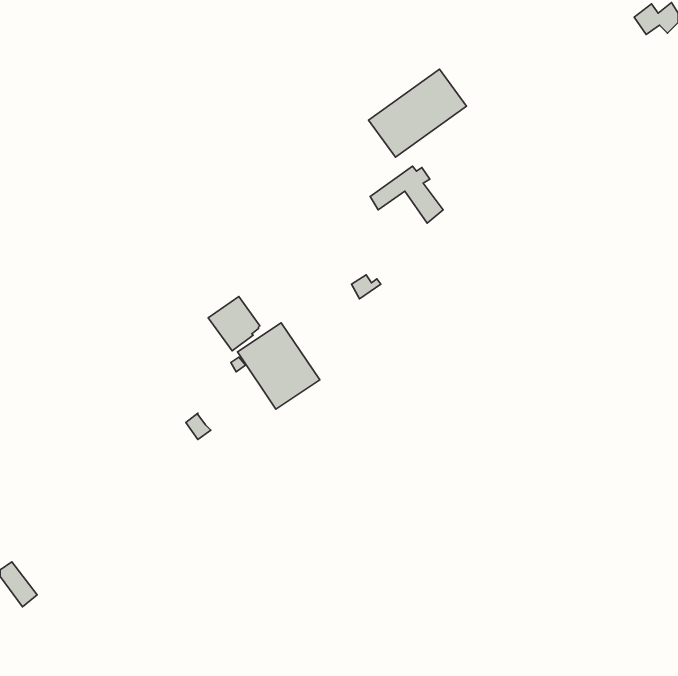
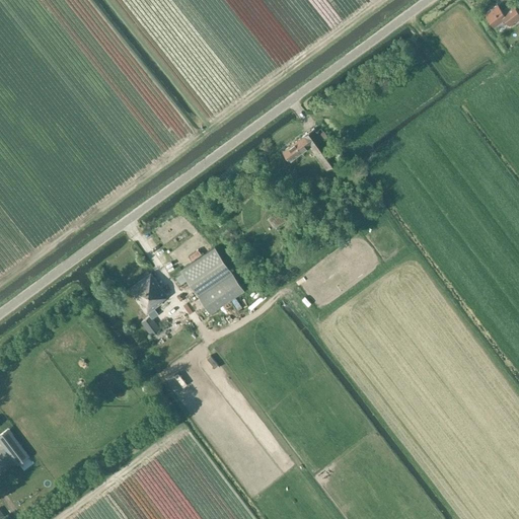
building: [368,69,467,157] -> none
building: [208,297,260,351] -> [129,275,168,316]

